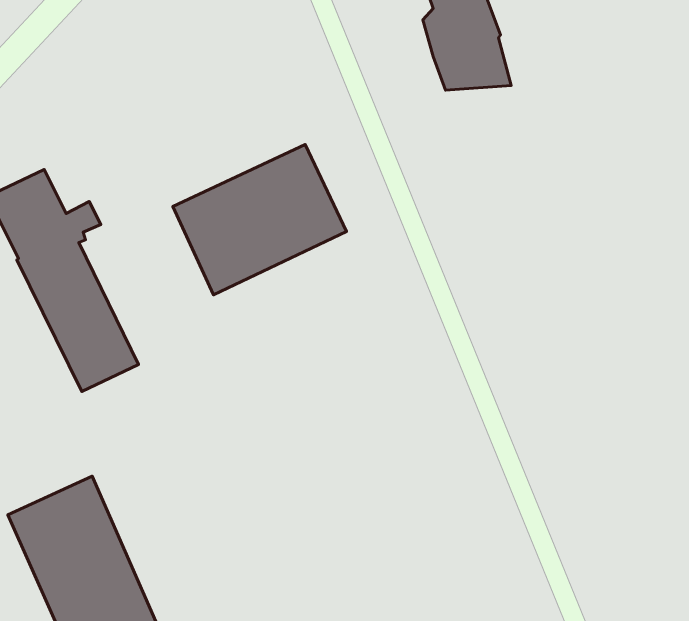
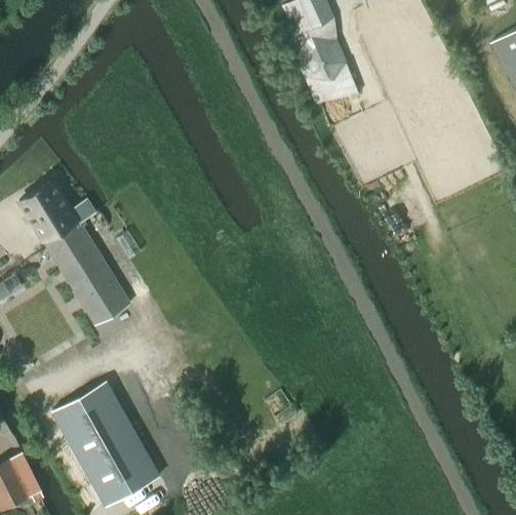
building: [173,144,347,295] -> none

